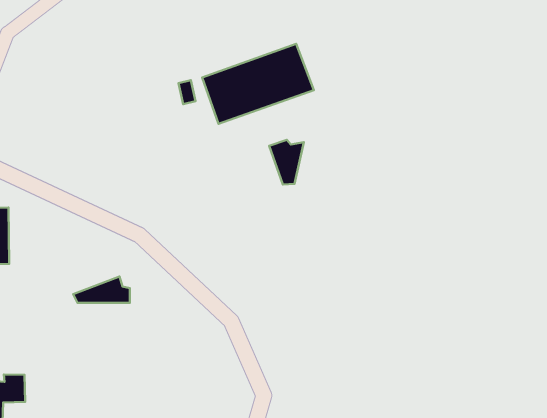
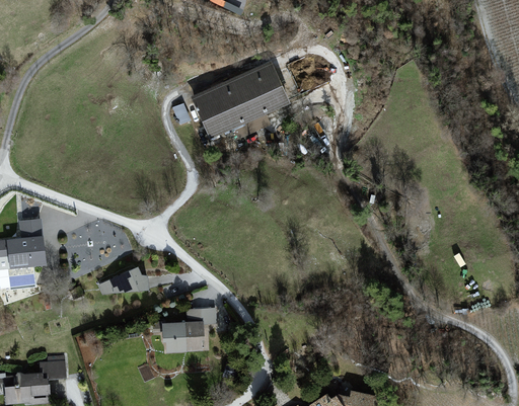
building: [269,140,304,185] -> none
building: none -> [153,309,216,352]

